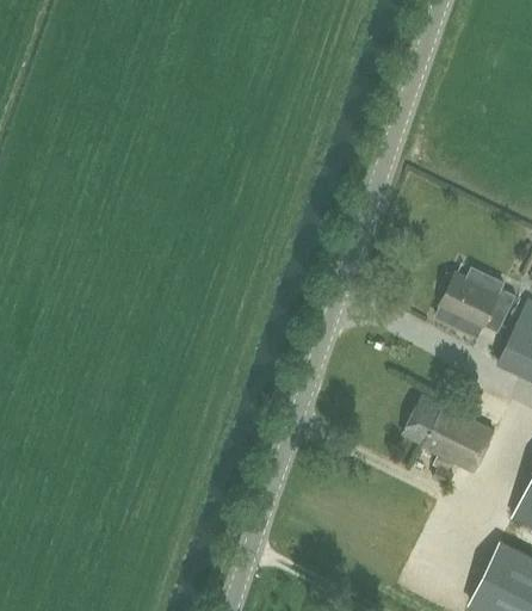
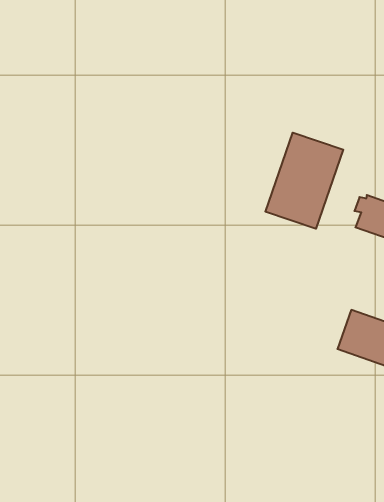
building: none -> [265,133,343,229]

